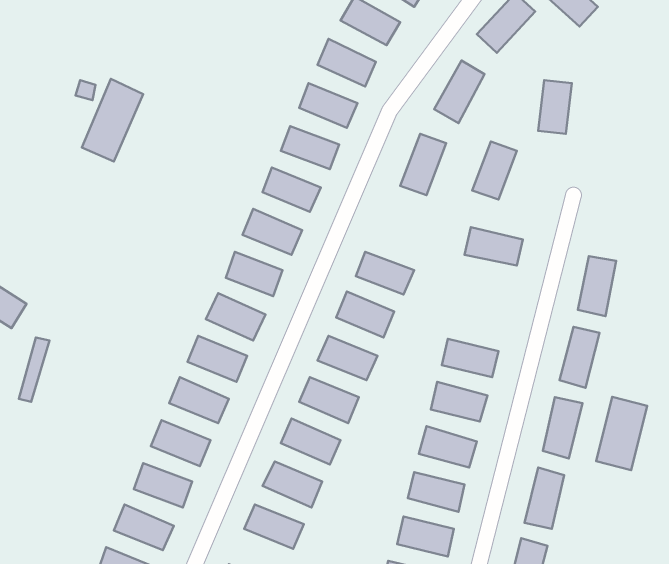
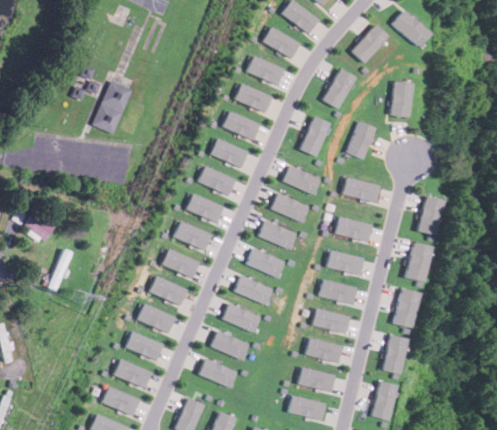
building: none -> [282,164,320,195]
building: none -> [335,216,372,242]
building: [596,397,647,470] -> none

